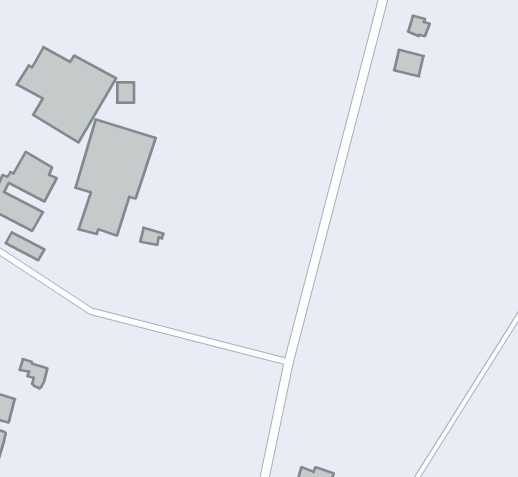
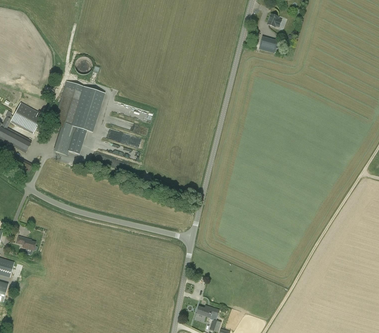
building: [17,47,116,142] -> none

